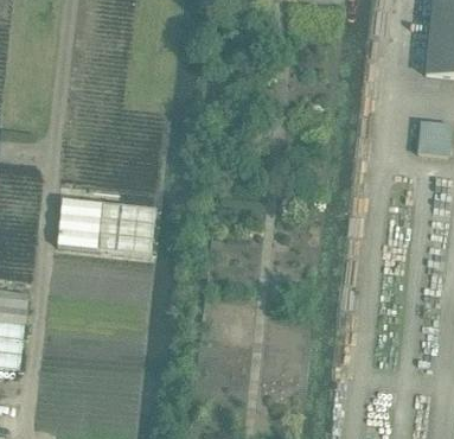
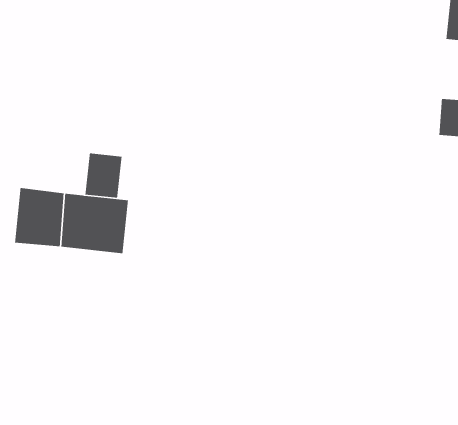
building: none -> [85,152,122,199]

